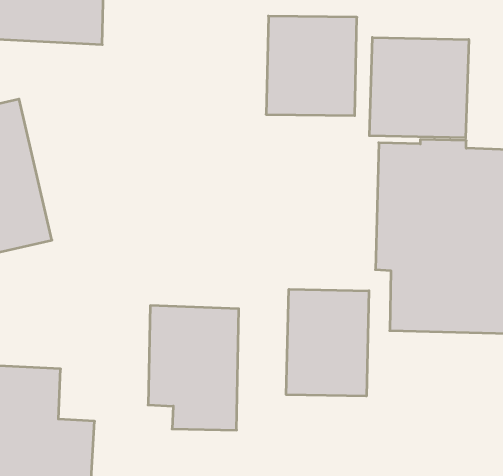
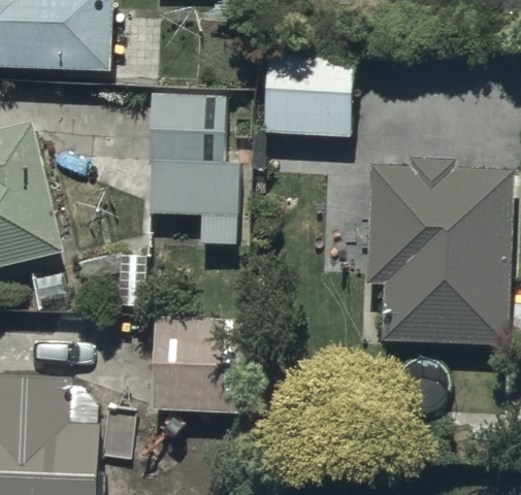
building: [369,37,469,138] -> none
building: none -> [151,92,239,242]
building: [286,289,369,396] -> none

